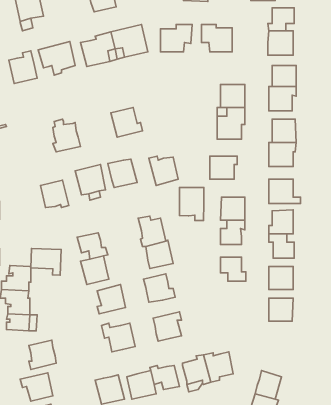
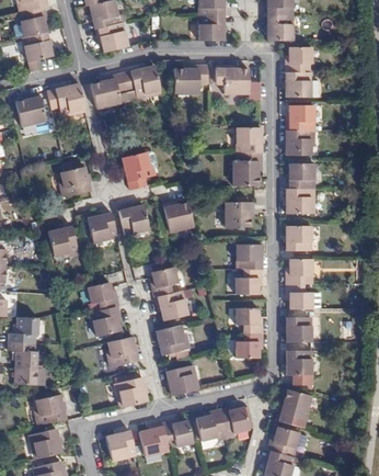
building: [180,187,204,221] -> none
building: [31,248,61,275] -> none
building: none -> [237,333,263,359]
building: none -> [277,389,312,426]

